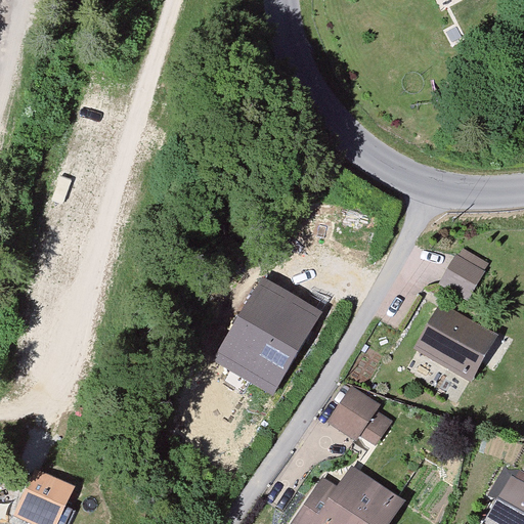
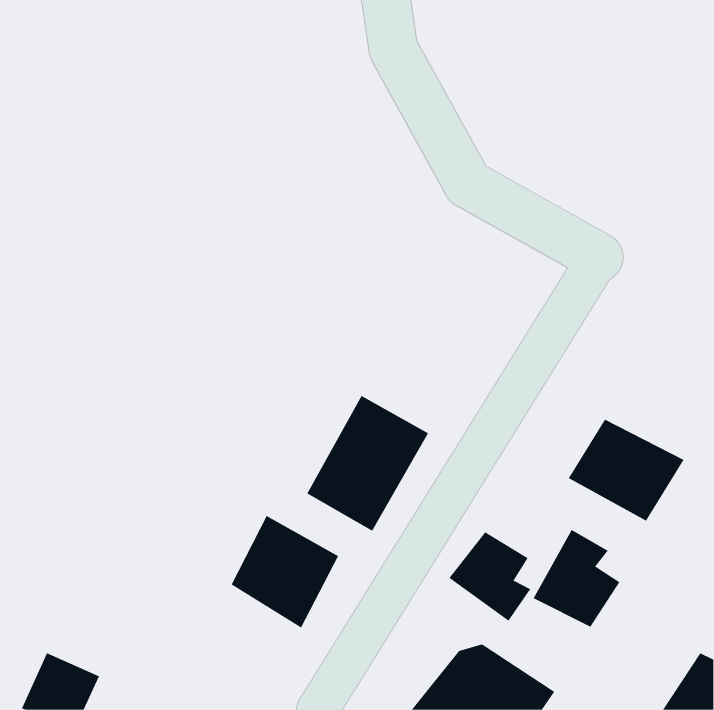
building: [437,252,486,303] -> none
building: none -> [231,515,339,629]
building: none -> [533,529,620,627]

